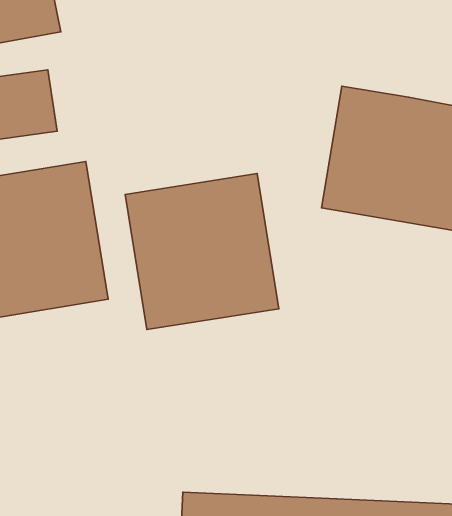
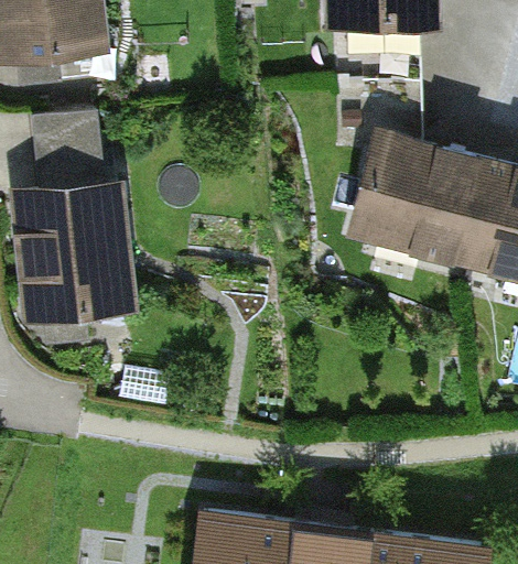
building: [125,174,279,330] -> none

